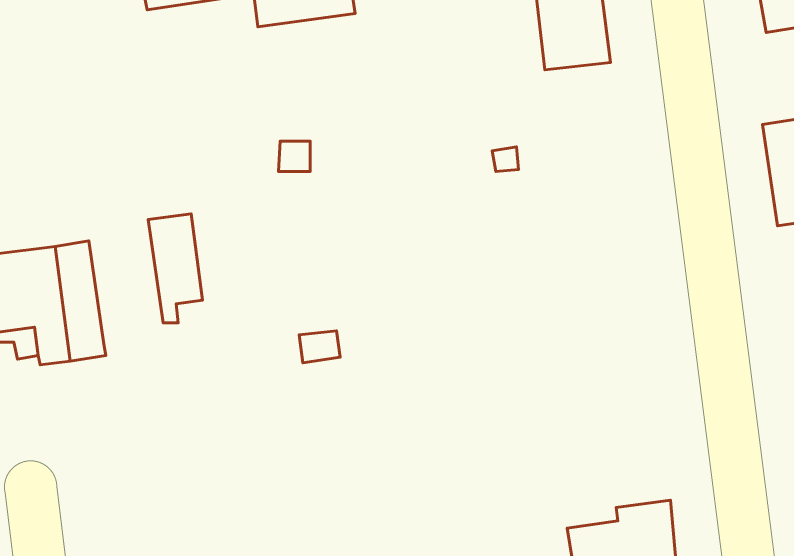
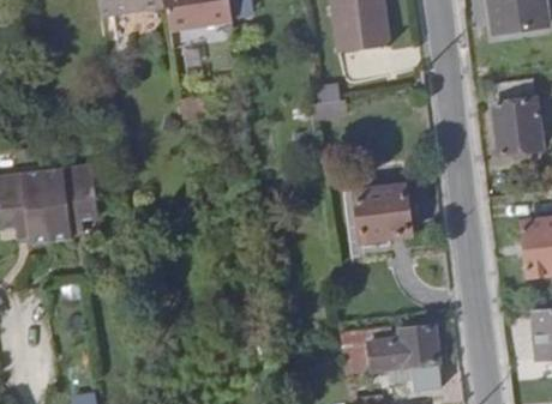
building: [148,214,203,323] -> [60,158,95,228]
building: none -> [354,187,408,241]

